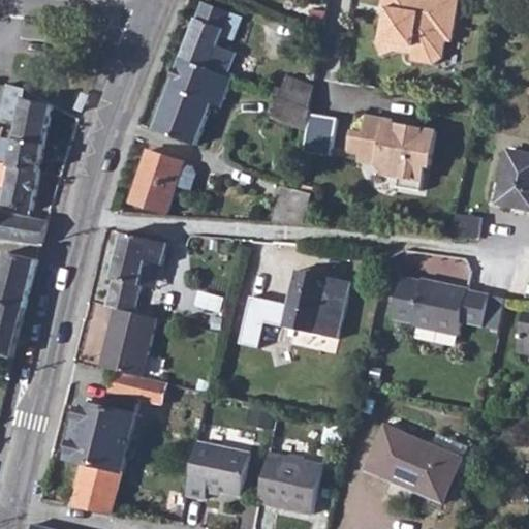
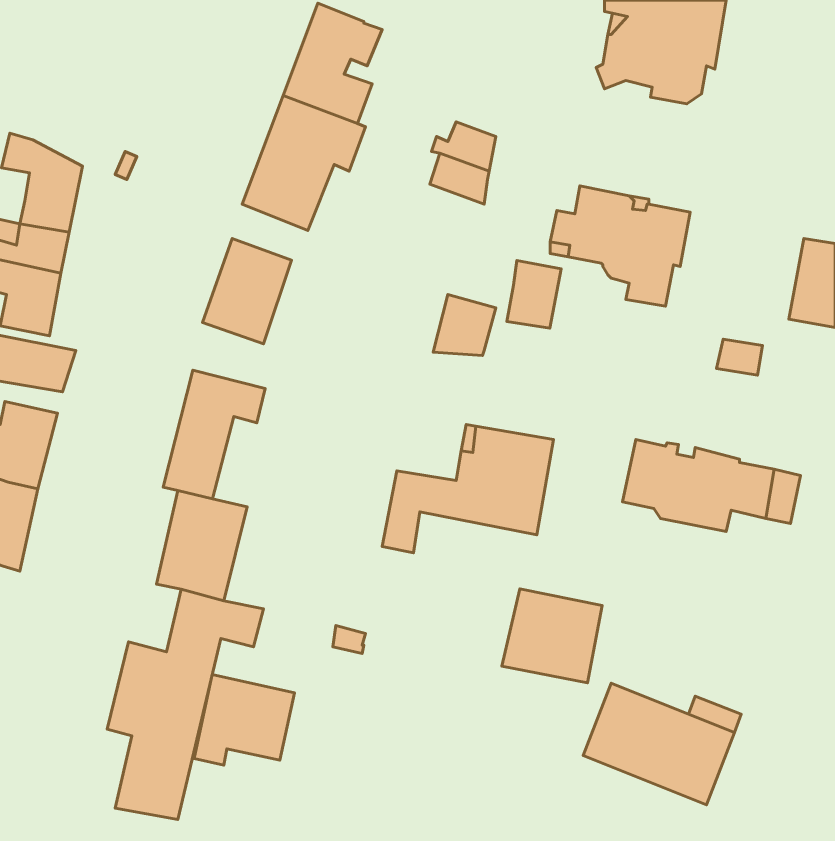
building: [300,113,334,155] -> [507,261,561,328]
building: [185,440,248,497] -> [194,675,295,765]
building: [256,455,319,514] -> [502,589,602,683]

